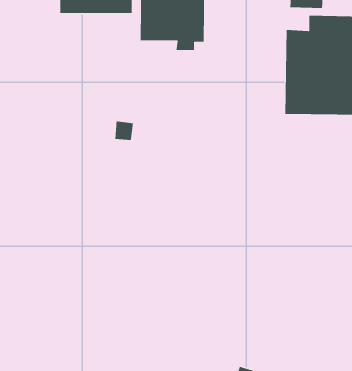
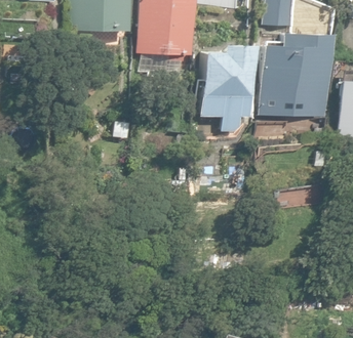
building: none -> [201,44,253,133]

